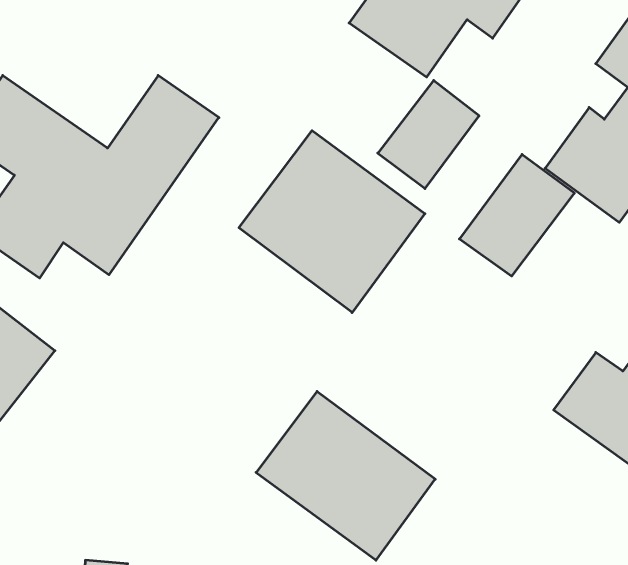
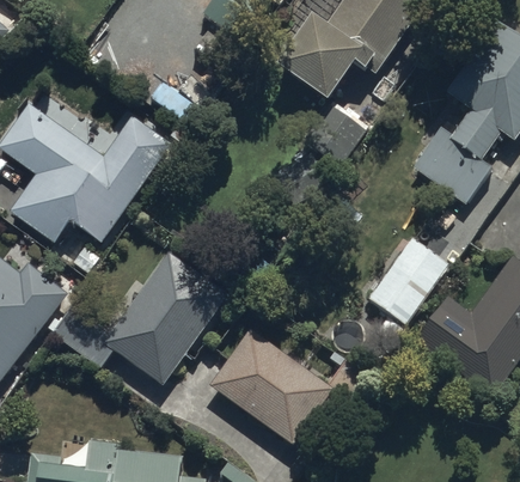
building: [239,131,425,313] -> none
building: [459,154,574,276] -> [368,238,449,324]
building: none -> [102,250,228,385]

